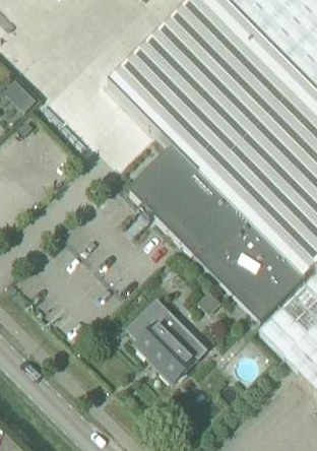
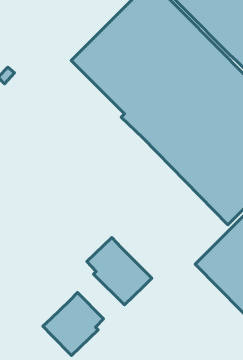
building: [130,151,298,320] -> none
building: none -> [43,292,103,355]

